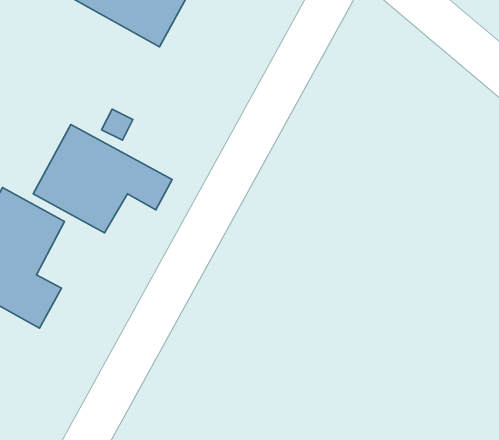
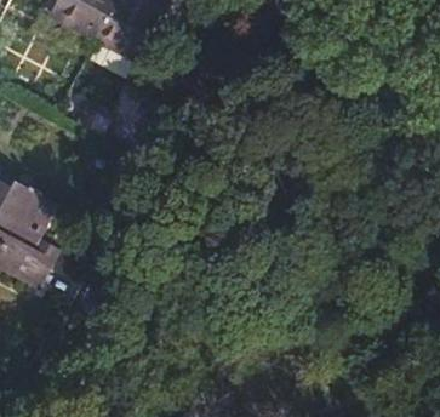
building: [33,125,172,233] -> none

